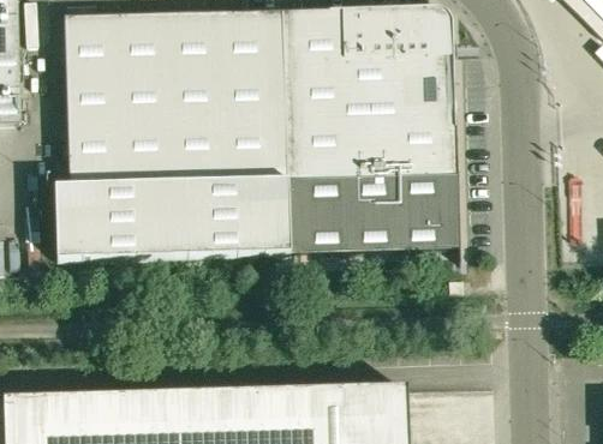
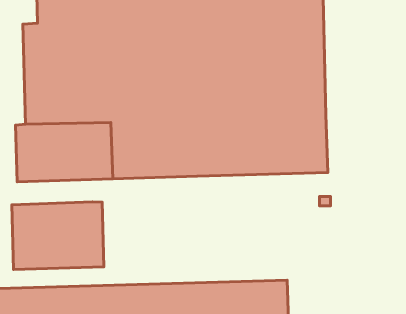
building: none -> [12,202,104,269]

